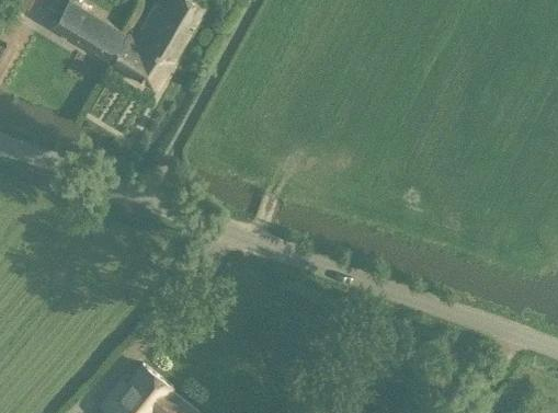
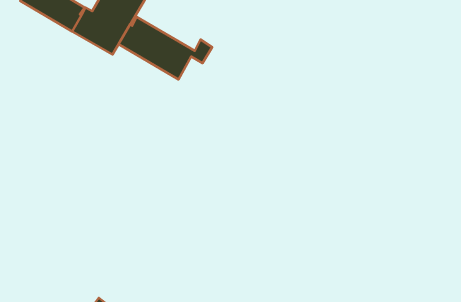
building: none -> [119,17,212,80]

